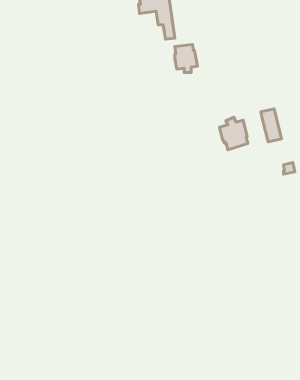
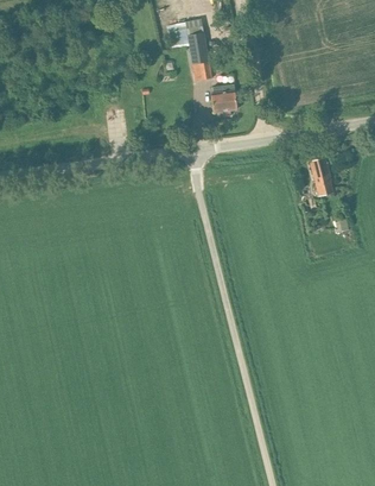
building: [219,117,248,150] -> none

